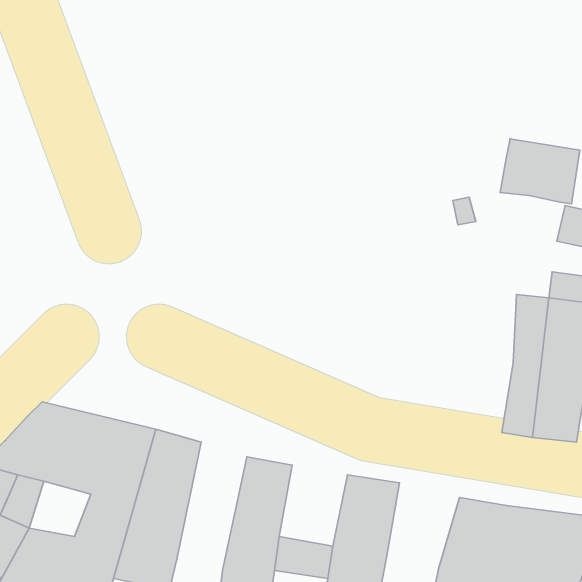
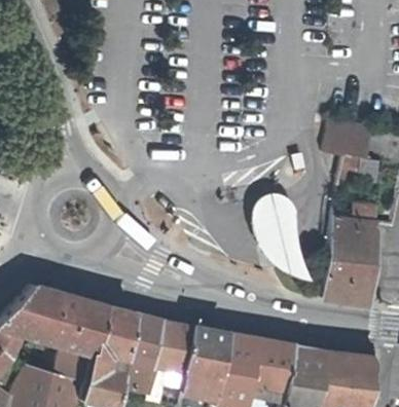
building: none -> [250,192,311,280]
building: none -> [118,310,162,392]
building: none -> [183,325,226,376]
building: none -> [251,336,297,393]

